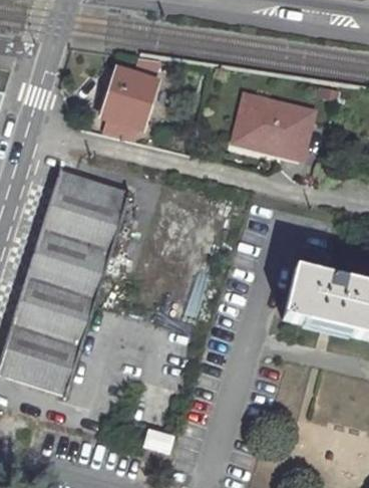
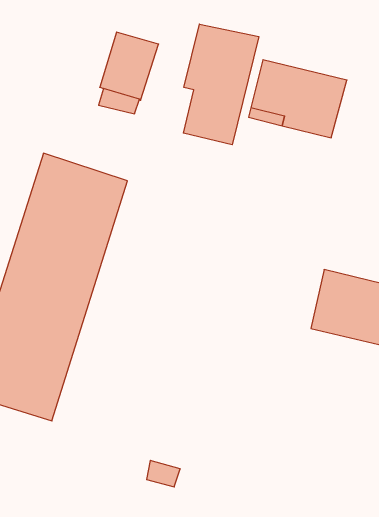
building: none -> [183,24,259,145]

